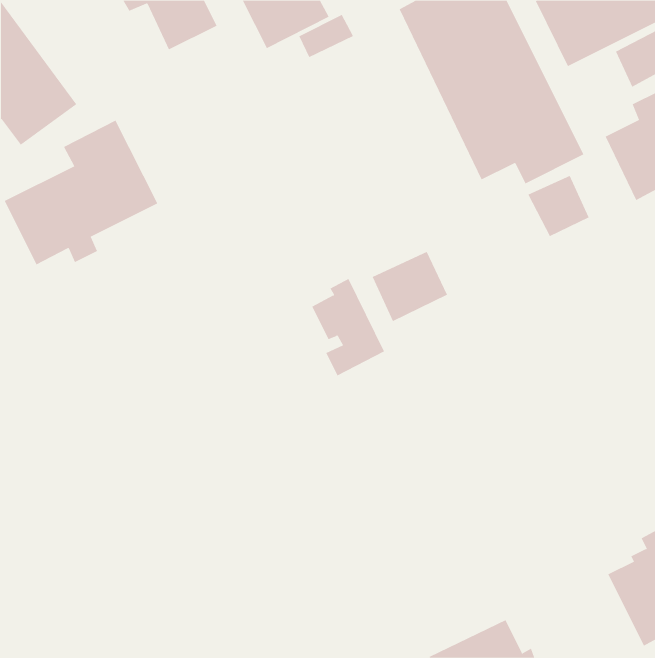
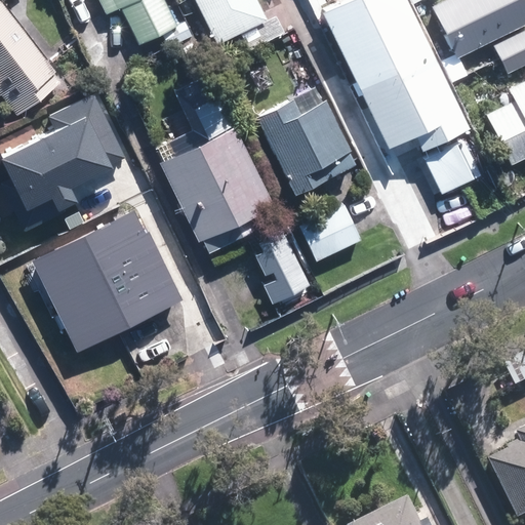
building: none -> [255,86,357,193]
building: none -> [162,91,270,237]
building: none -> [32,235,176,373]

